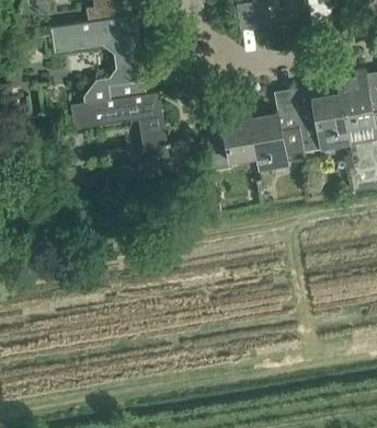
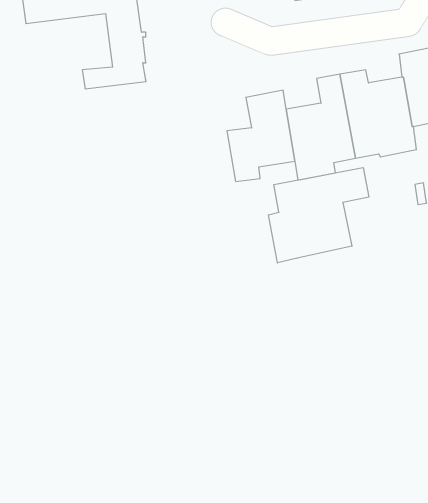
building: [69,93,169,183] -> none
building: none -> [268,168,369,263]

